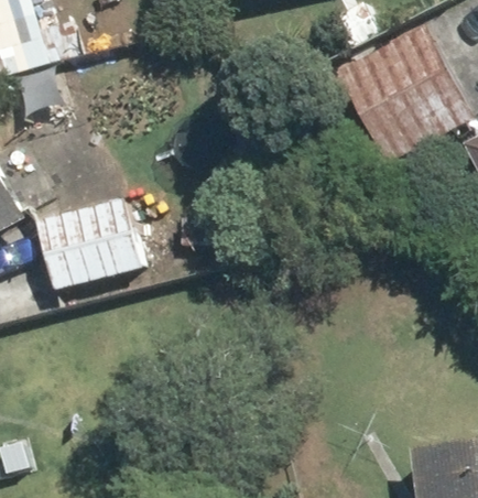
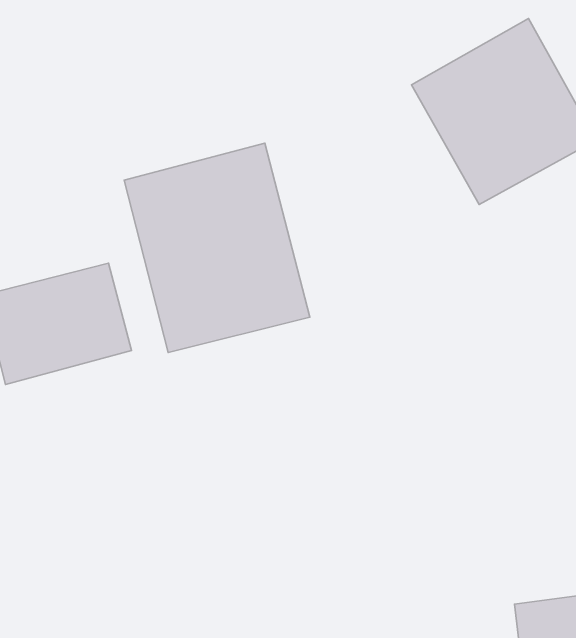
building: none -> [124,143,310,352]

